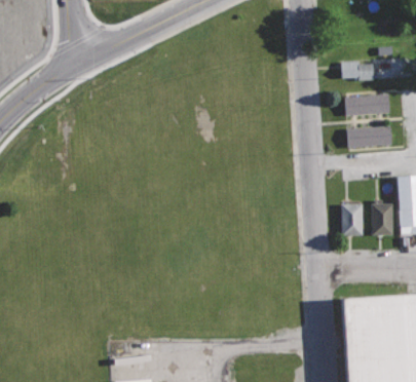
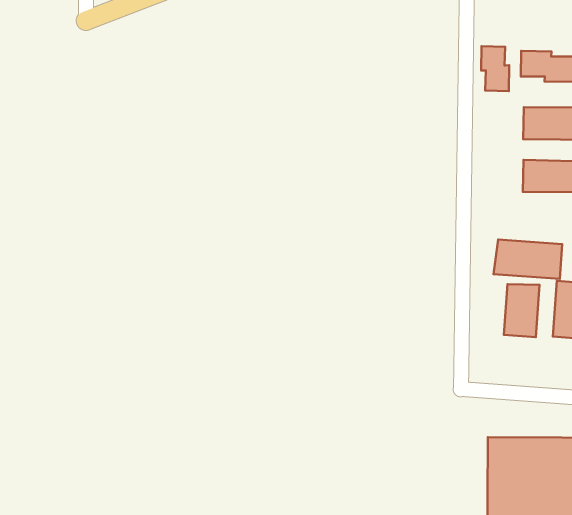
building: none -> [481,46,509,91]
building: none -> [494,240,562,279]

